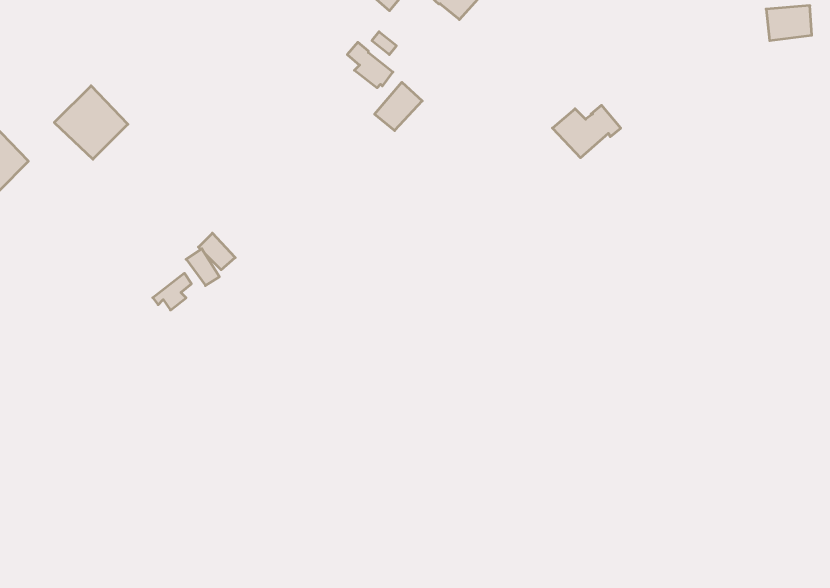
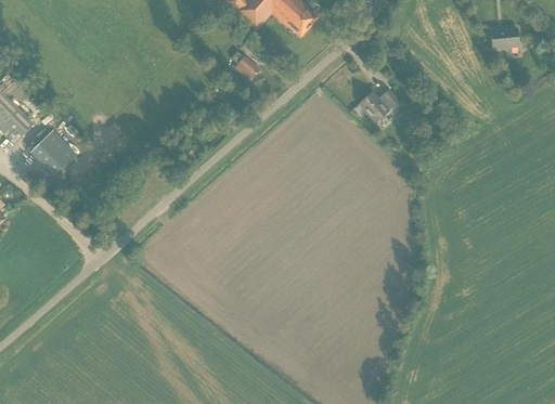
building: [375,82,422,131] -> none
building: [54,86,128,159] -> [30,129,76,174]

